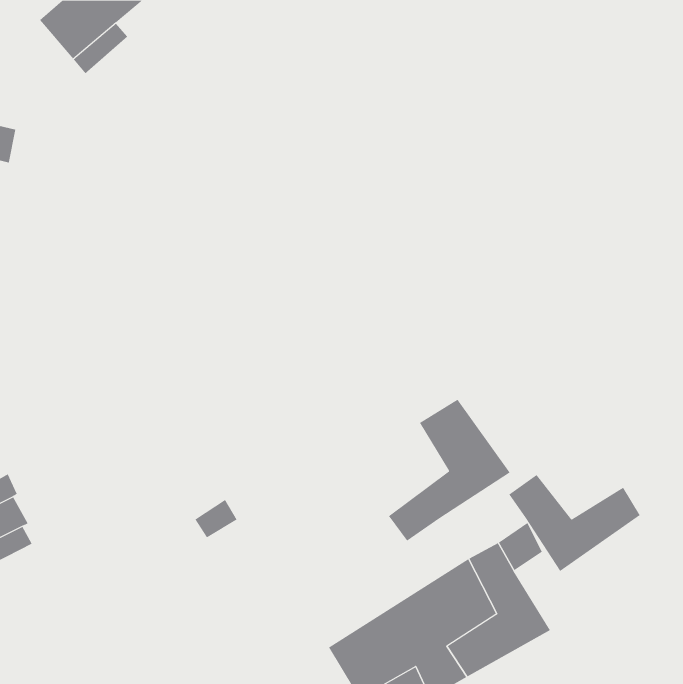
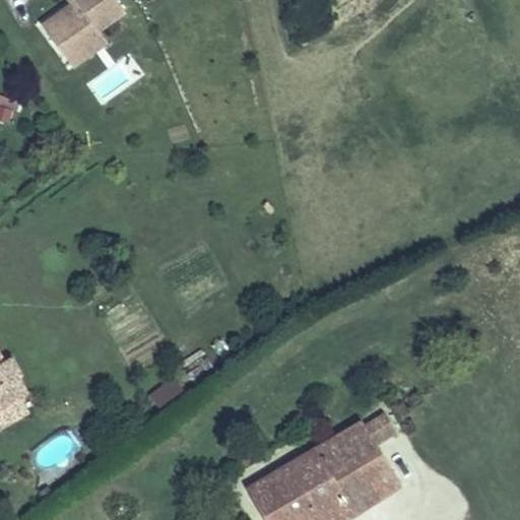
building: [388,399,510,541] -> none
building: [508,474,641,572] -> none

